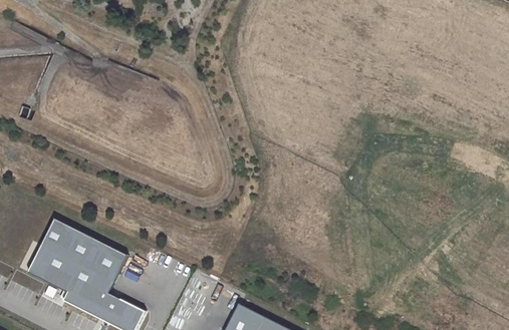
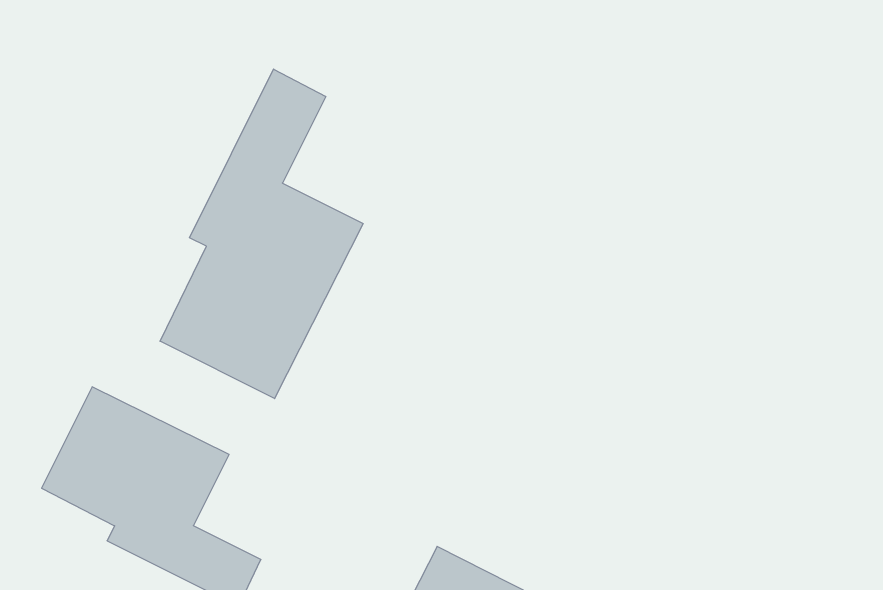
building: none -> [160,69,363,399]

